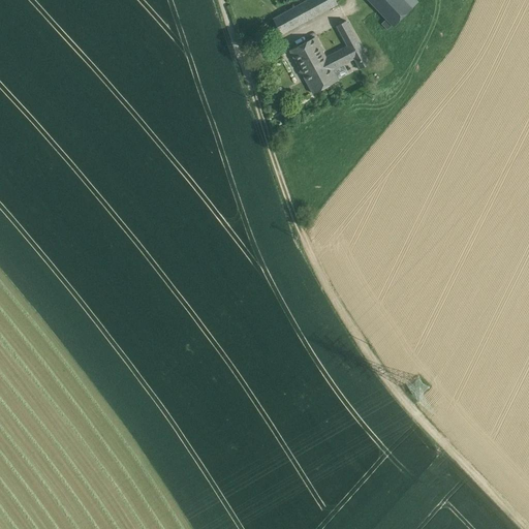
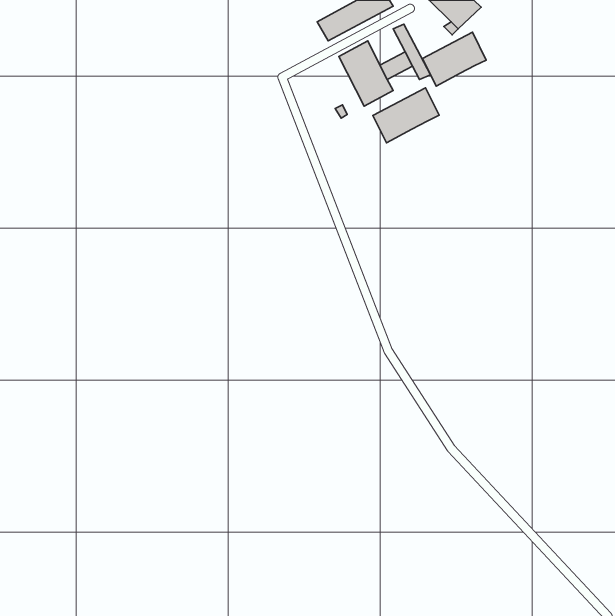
building: none -> [422,32,486,86]
building: none -> [373,88,439,143]

